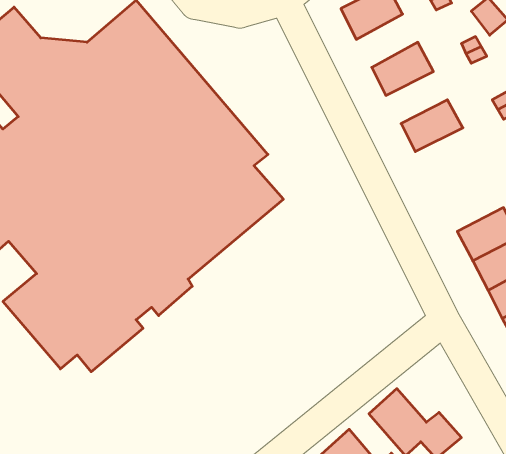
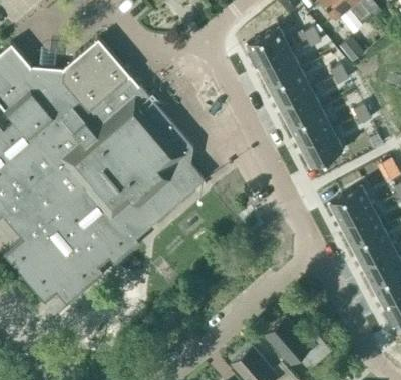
building: none -> [256,49,300,87]
building: none -> [277,90,321,127]
building: none -> [298,130,343,169]

